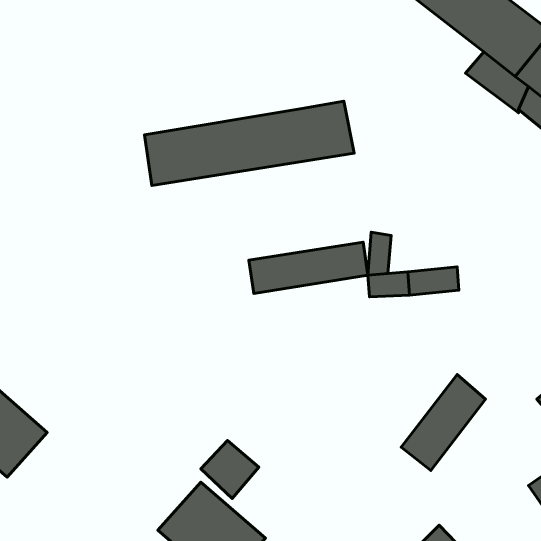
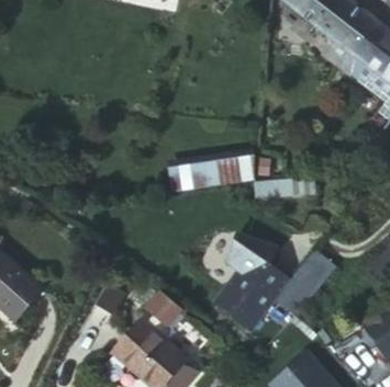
building: [145,101,354,185] -> none
building: none -> [216,230,289,328]

